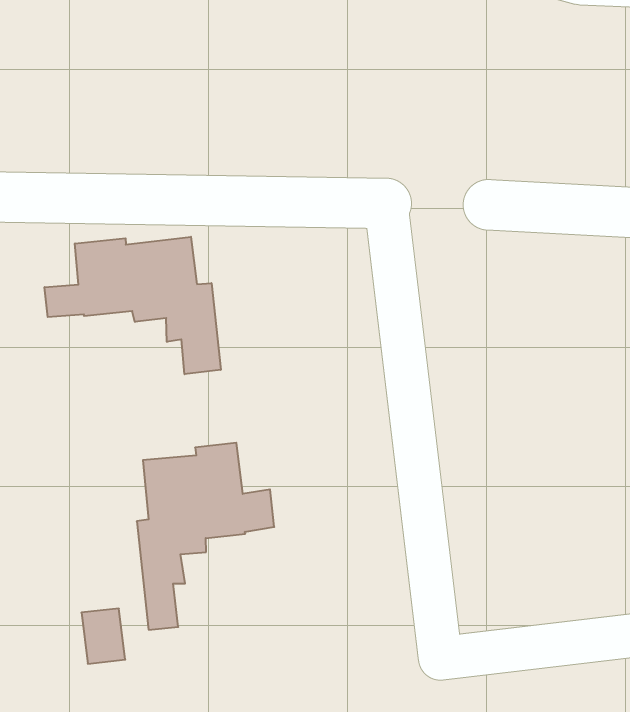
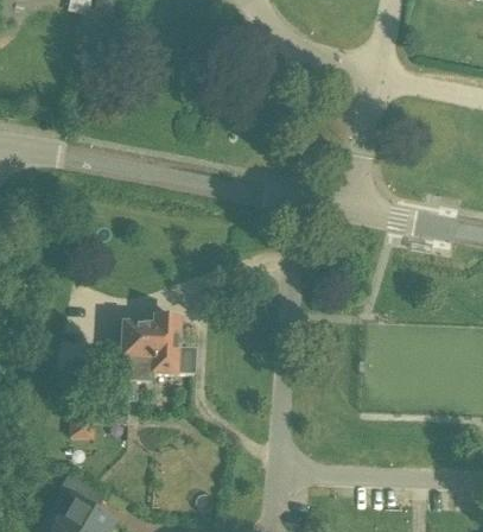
building: [45,237,221,374] -> none

